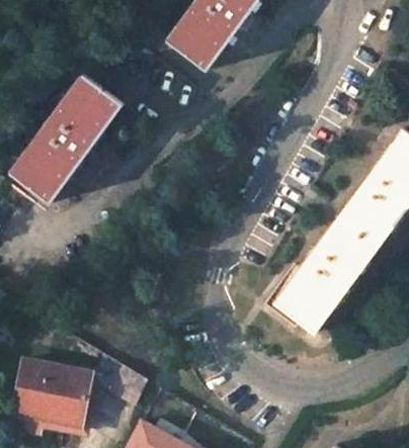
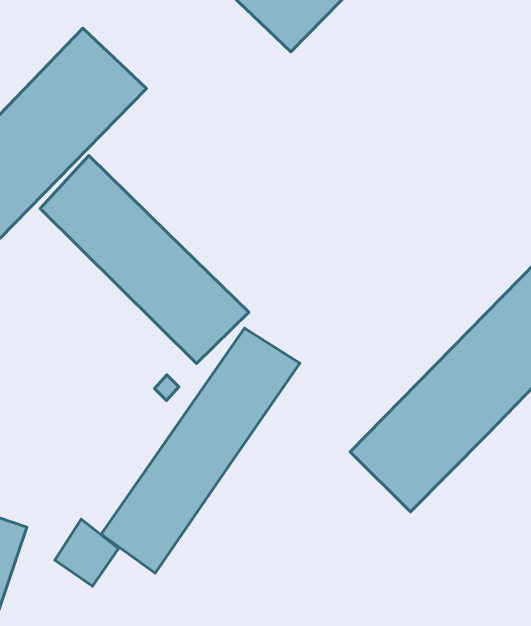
building: none -> [40,156,249,364]
building: none -> [101,328,300,573]

